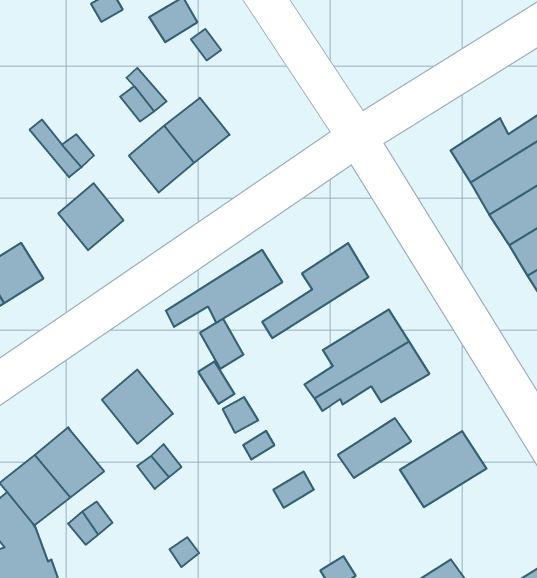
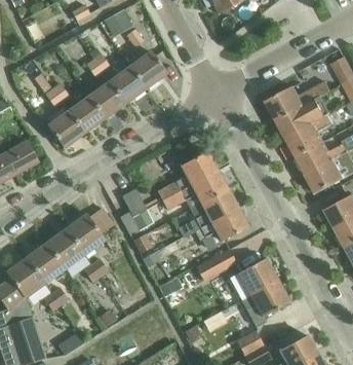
building: none -> [129,49,166,86]
building: none -> [68,95,104,131]
building: [166,250,282,327] -> [162,170,228,210]
building: none -> [46,229,84,269]
building: none -> [241,280,289,327]

